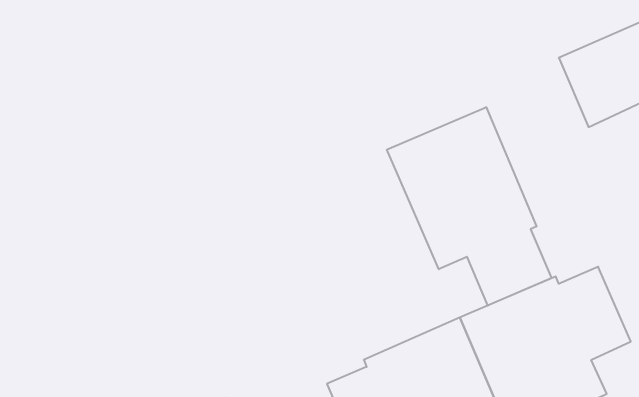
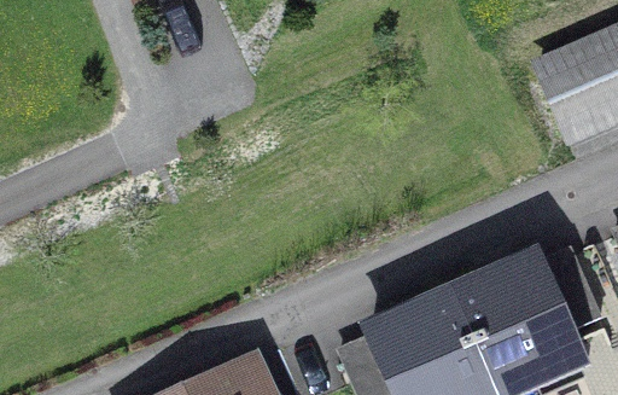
building: [387,107,552,306] -> none

